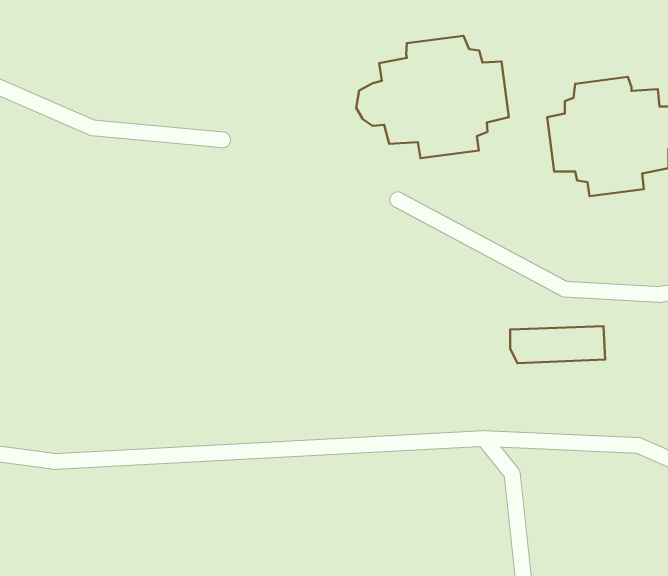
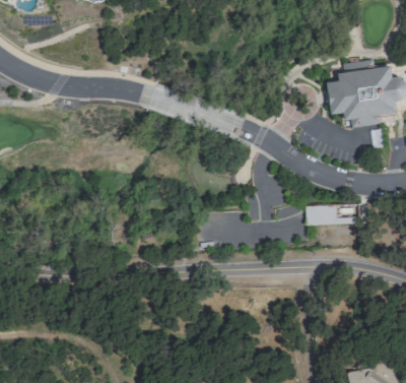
building: [356,36,509,158] -> none

